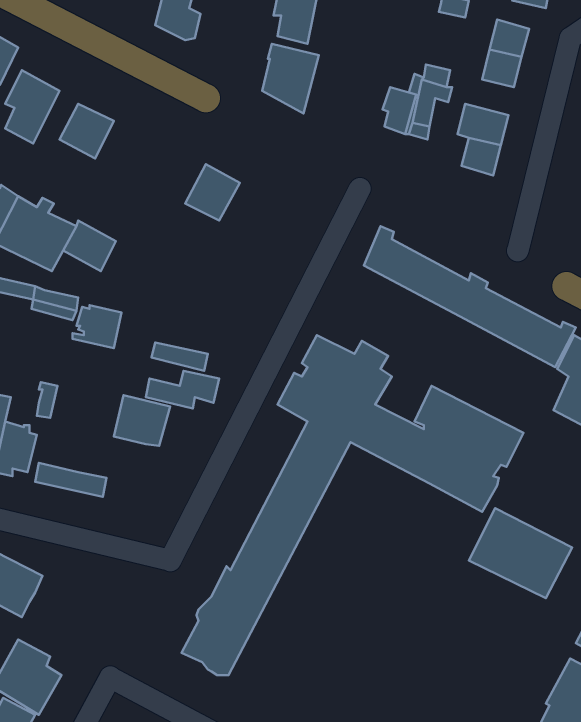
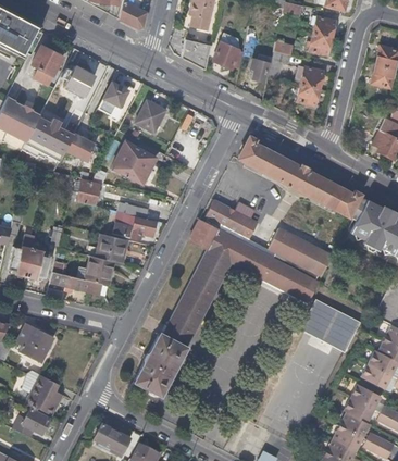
building: none -> [212,33,242,68]
building: none -> [99,82,128,116]
building: none -> [111,139,156,185]
building: none -> [74,254,113,285]

